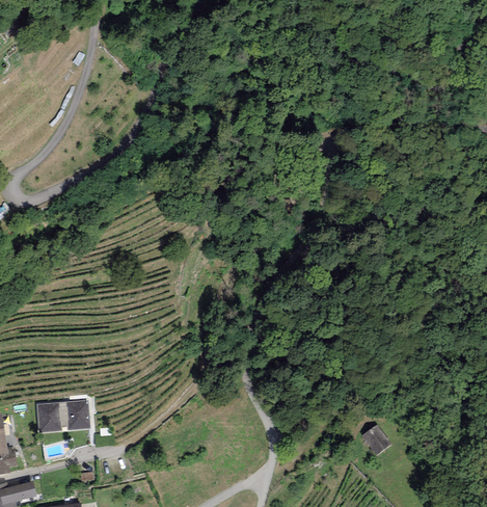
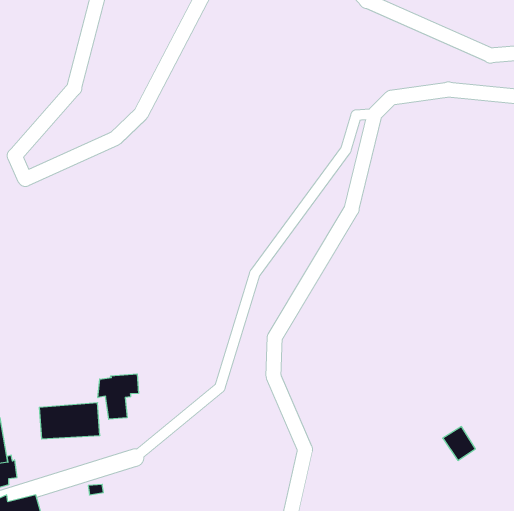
building: none -> [98,374,138,419]
building: [360,426,389,456] -> [443,427,475,460]

